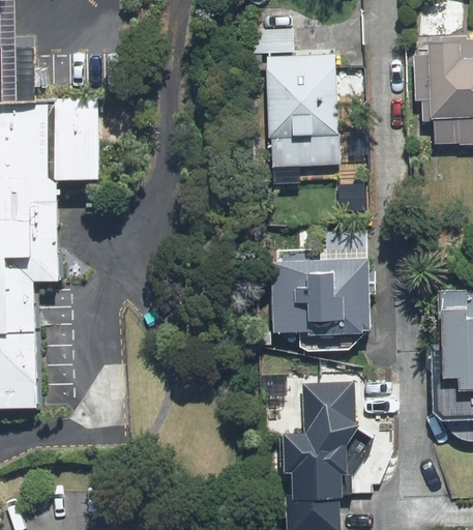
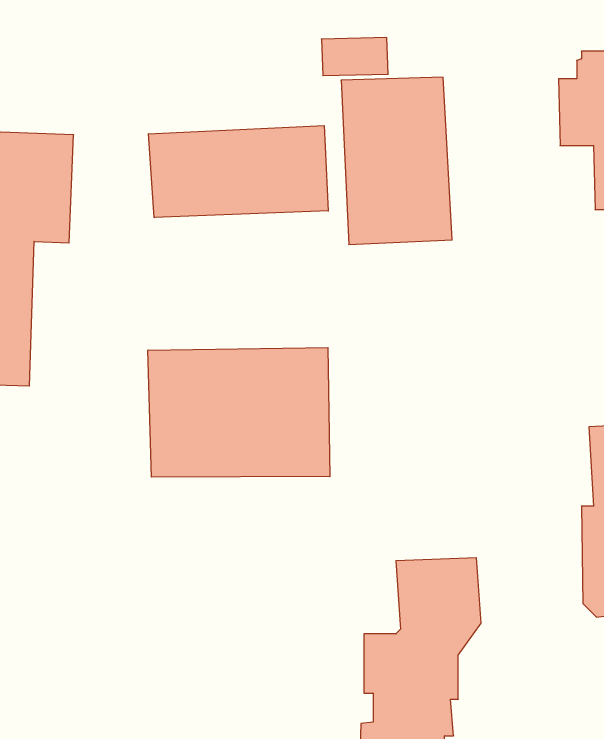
building: none -> [149,126,328,218]
building: [269,228,372,337] -> none
building: none -> [148,348,330,477]

